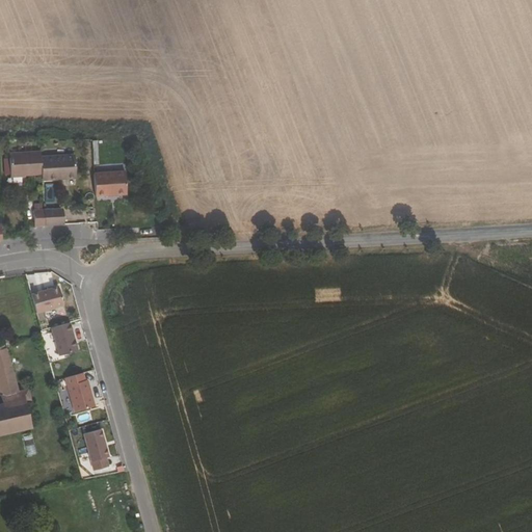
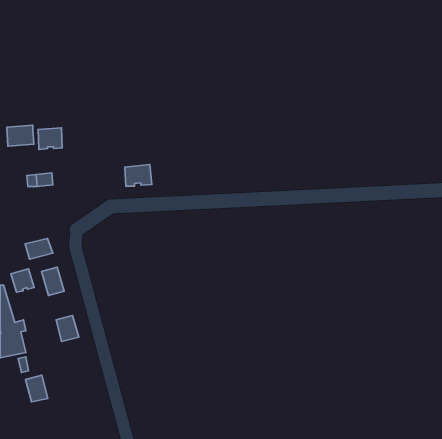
building: [94,170,126,196] -> [125,165,152,186]
building: none -> [11,269,34,292]
building: [83,425,110,457] -> [25,375,48,402]

